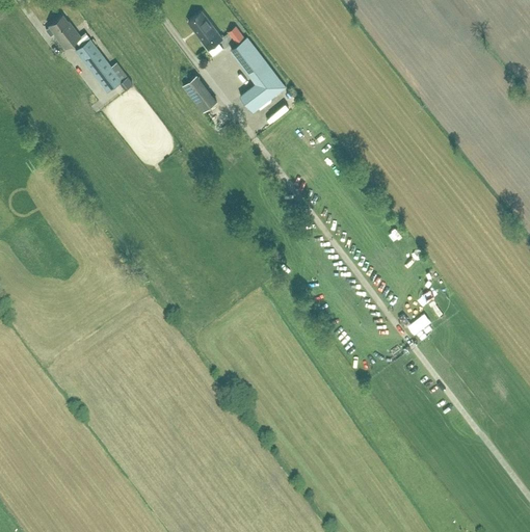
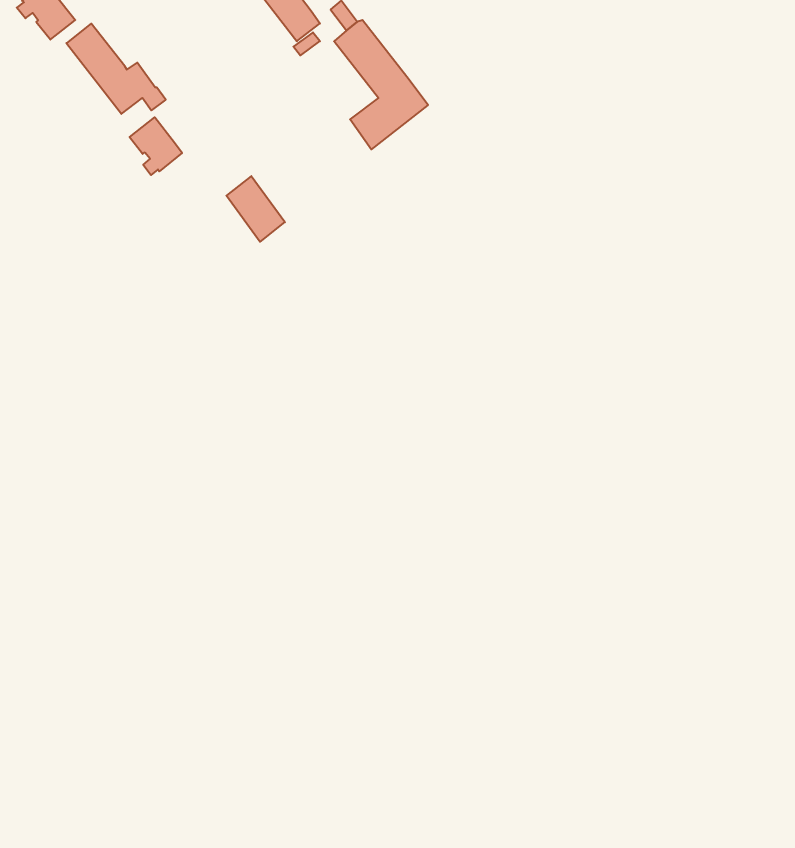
building: [183,75,217,113] -> [226,176,285,242]
building: none -> [130,117,182,175]

